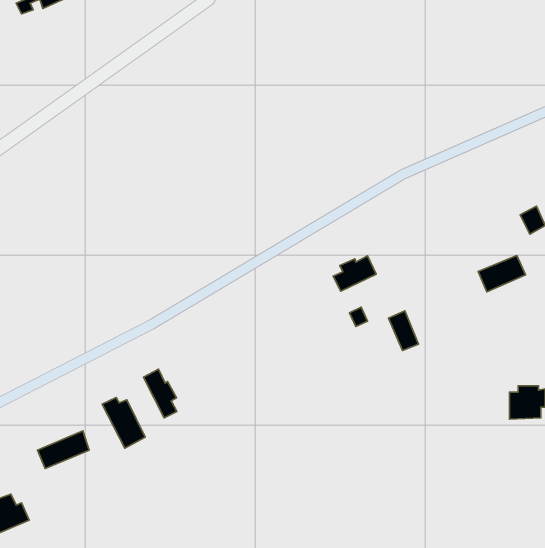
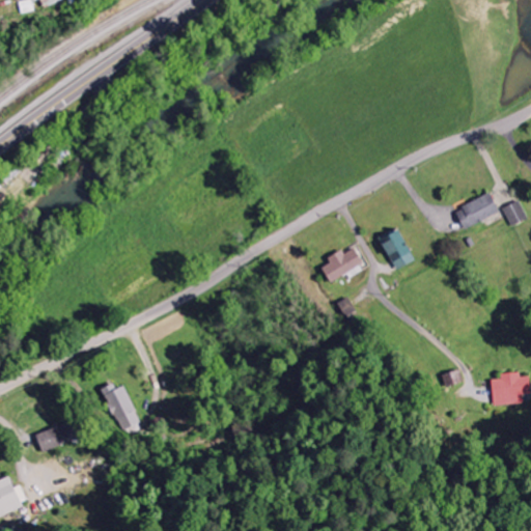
building: [478,255,526,292] -> [455,193,501,228]
building: [389,311,419,350] -> [382,231,411,270]
building: [143,369,177,418] -> none

